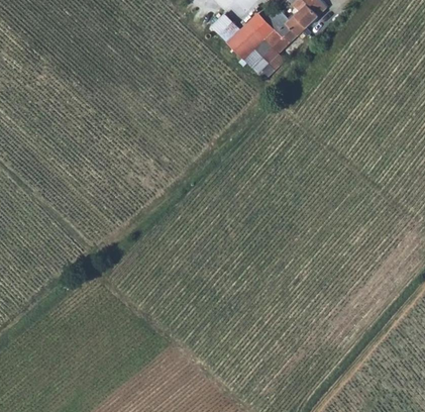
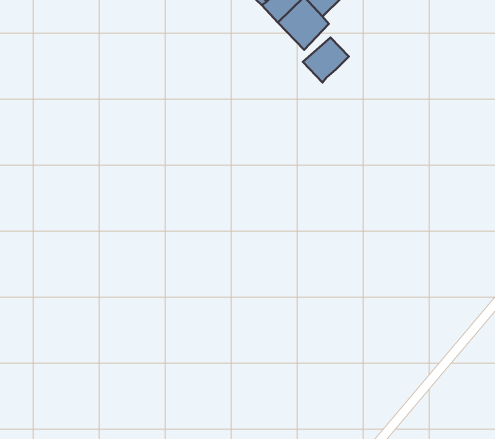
building: none -> [303,37,349,82]

